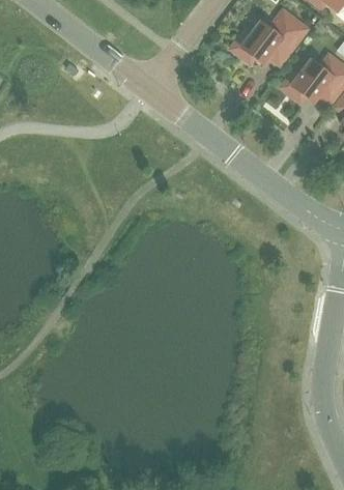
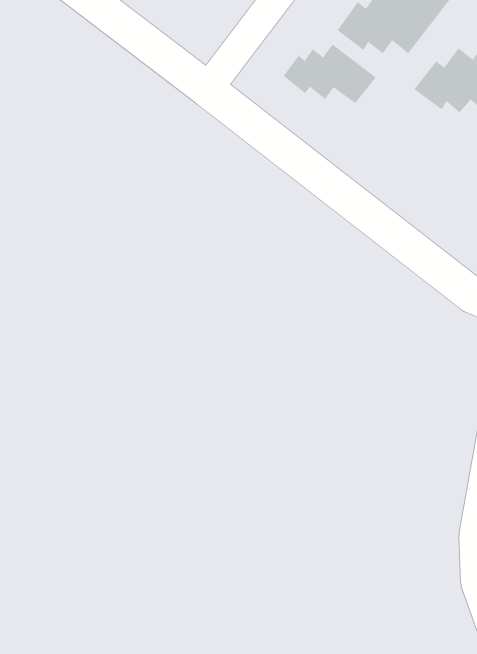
building: none -> [283,44,377,104]

